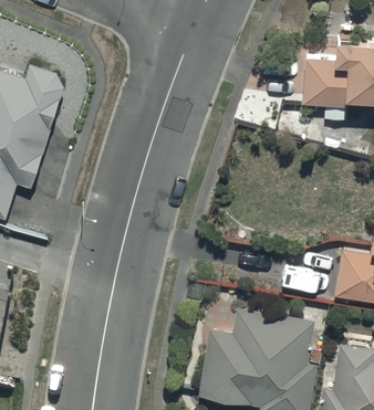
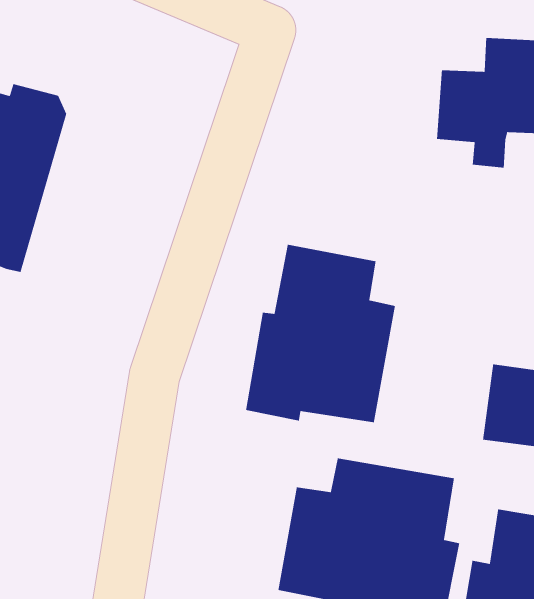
building: none -> [245,244,396,423]

